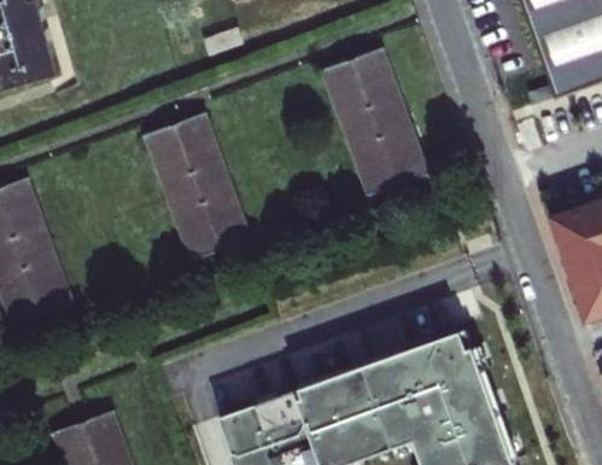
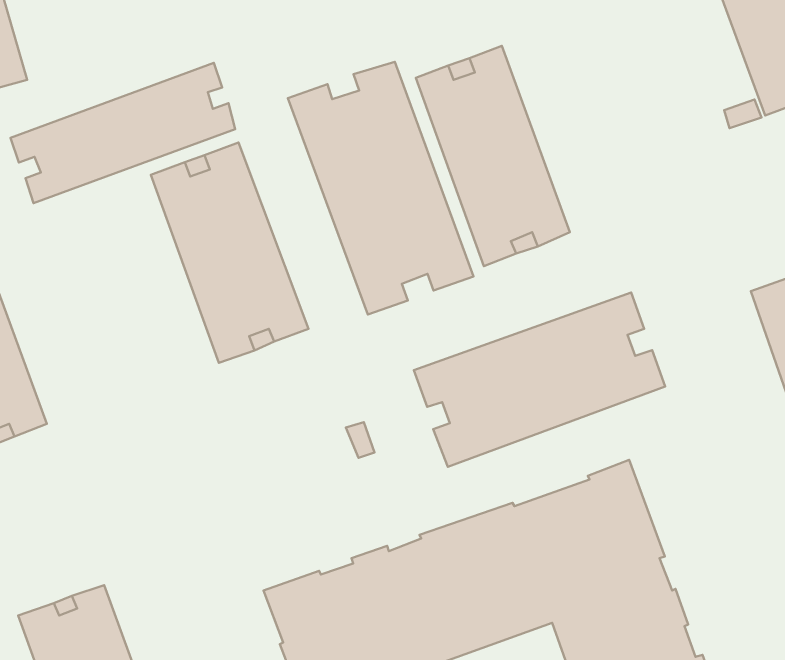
building: none -> [288,62,473,314]
building: none -> [11,63,235,203]
building: none -> [414,293,665,467]

